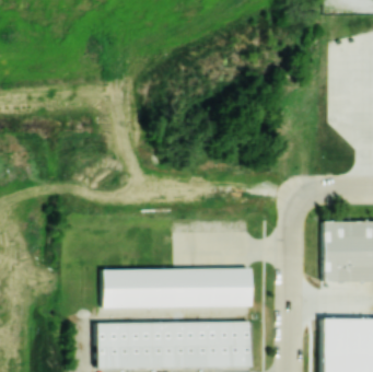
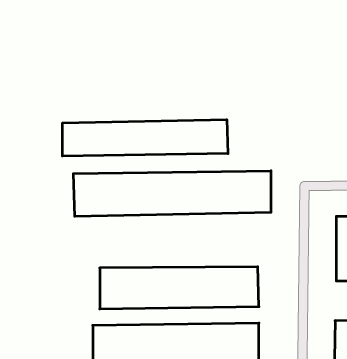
building: none -> [62,120,228,156]
building: none -> [73,171,271,216]

